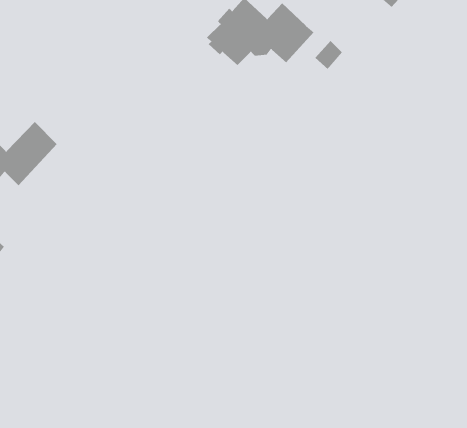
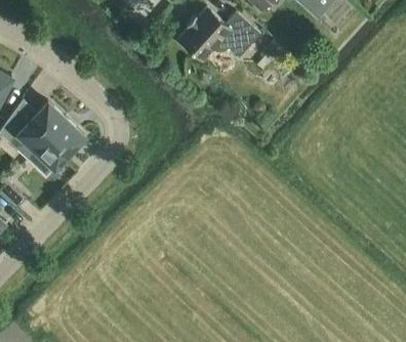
building: none -> [36,120,84,178]

